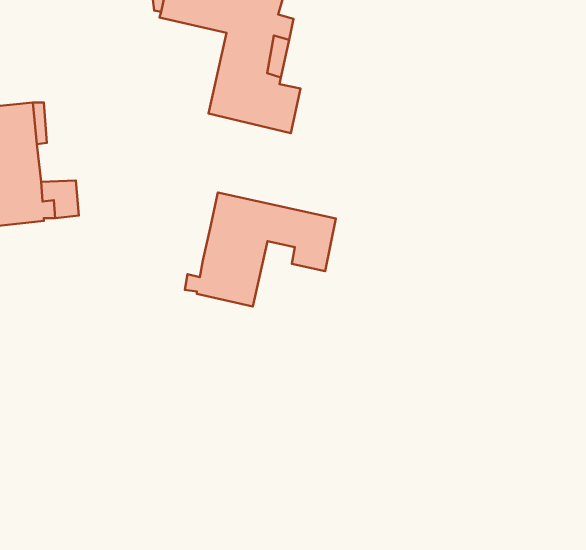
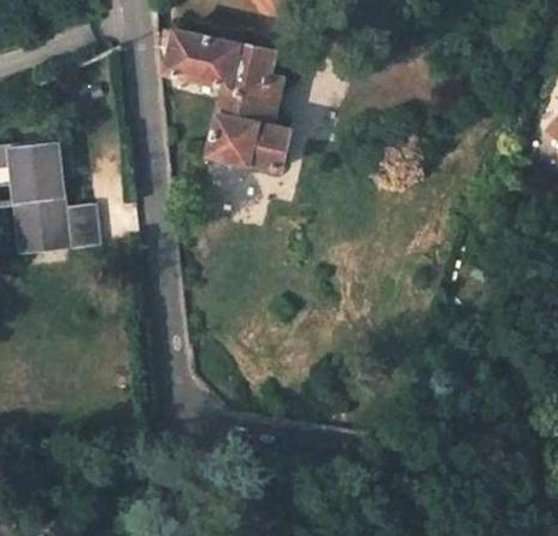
building: [185,193,336,306] -> none

